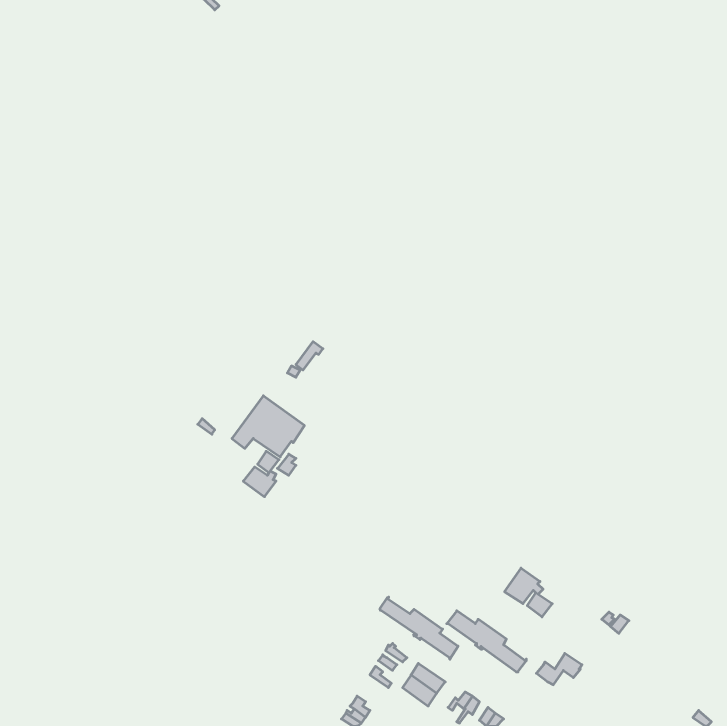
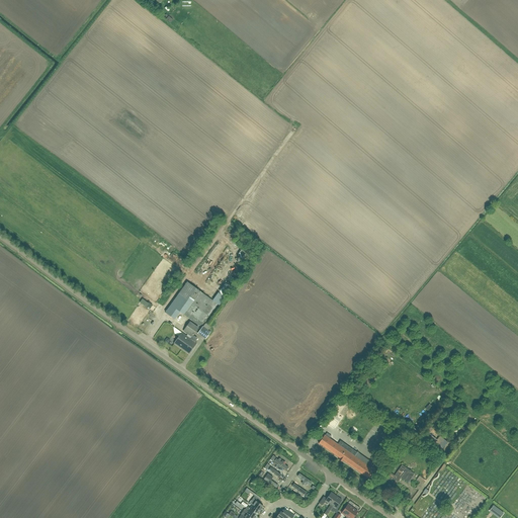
building: [505,568,552,617] -> none
building: [380,597,458,659] -> none

